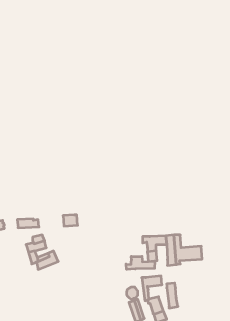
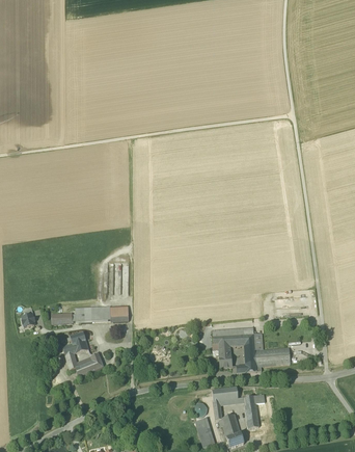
building: none -> [77,305,110,322]
building: [126,256,155,269] -> none

